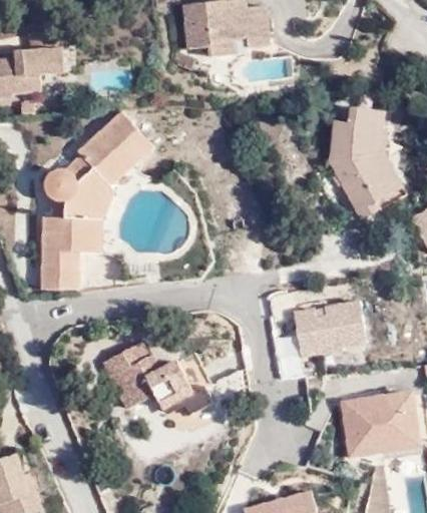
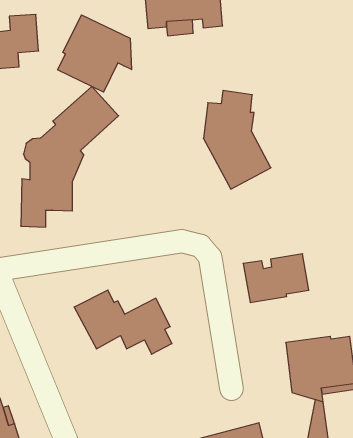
building: none -> [58,15,132,92]
building: [329,106,405,217] -> [203,90,271,189]
building: [41,251,78,290] -> none

